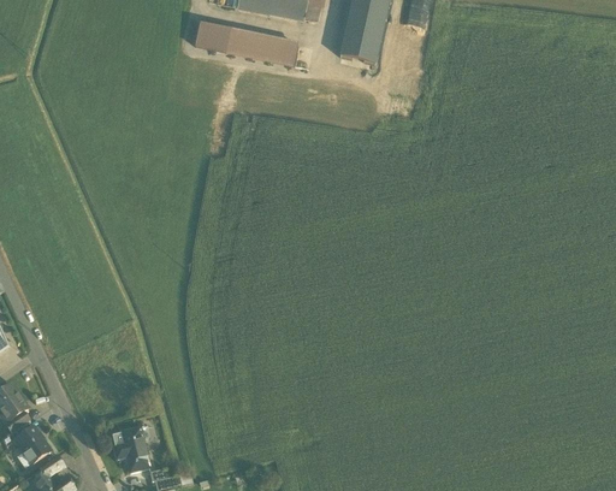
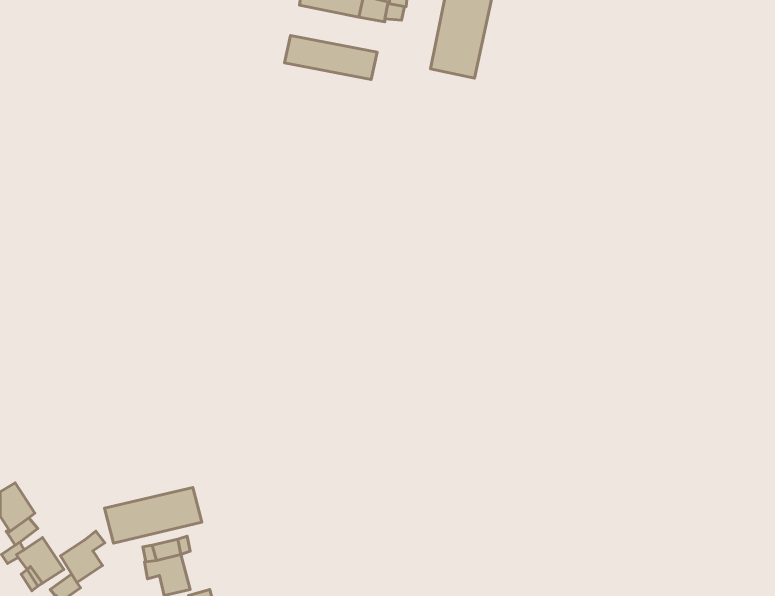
building: [195,23,230,51] -> none
building: none -> [105,487,202,543]
building: none -> [60,531,105,582]

